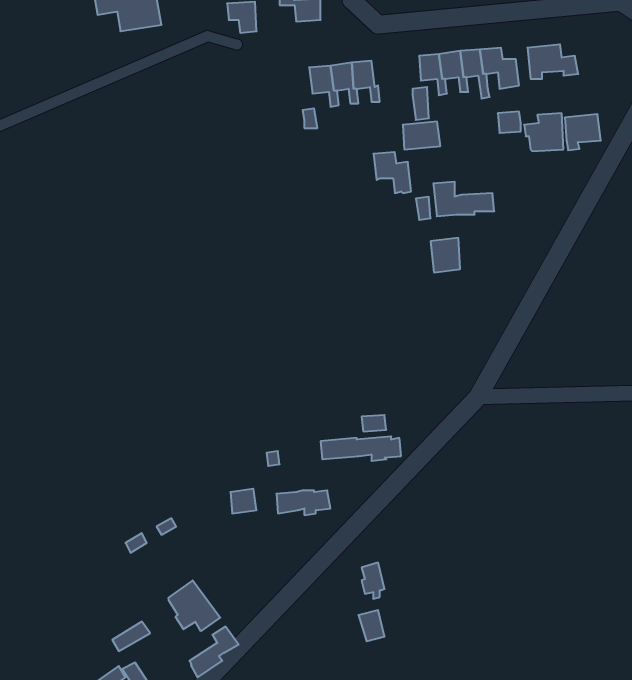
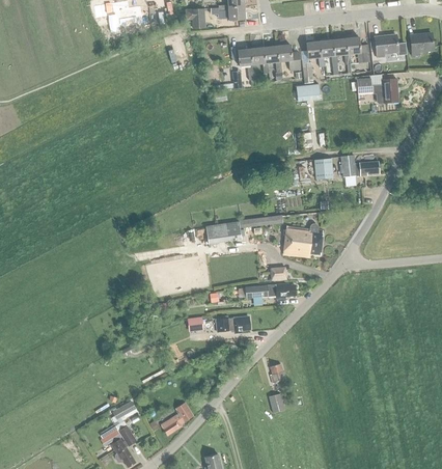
building: [565,114,601,150] -> [410,32,433,55]
building: [373,152,411,193] -> [276,44,300,70]
building: [433,182,494,216] -> [340,154,379,175]
building: none -> [204,220,241,243]
building: none -> [283,223,323,256]
building: [169,580,220,631] -> none

